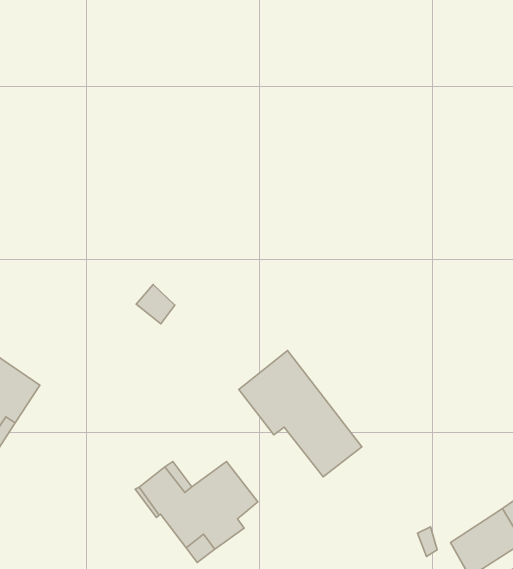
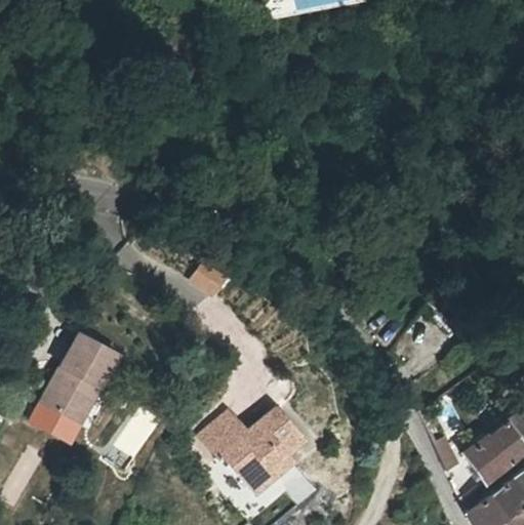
building: [239,350,362,477] -> none

